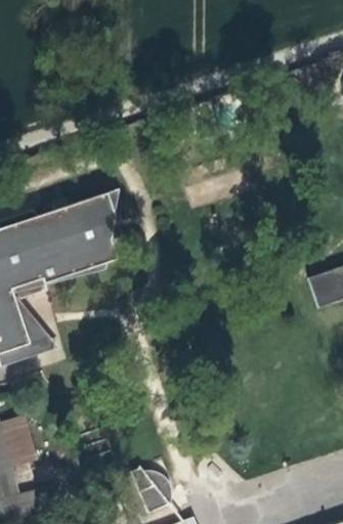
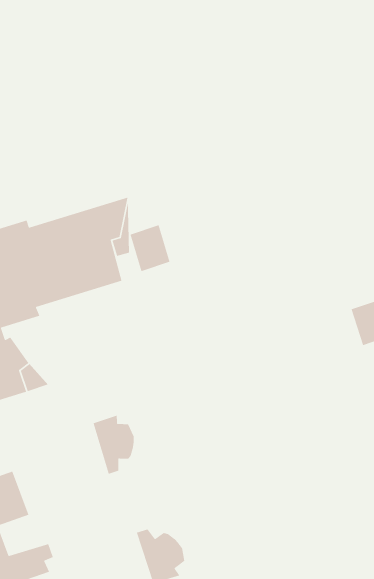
building: none -> [129,224,171,272]
building: none -> [92,415,134,475]

